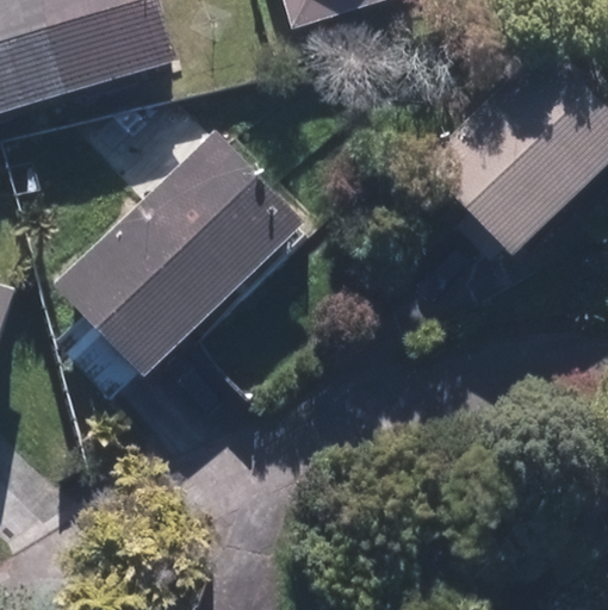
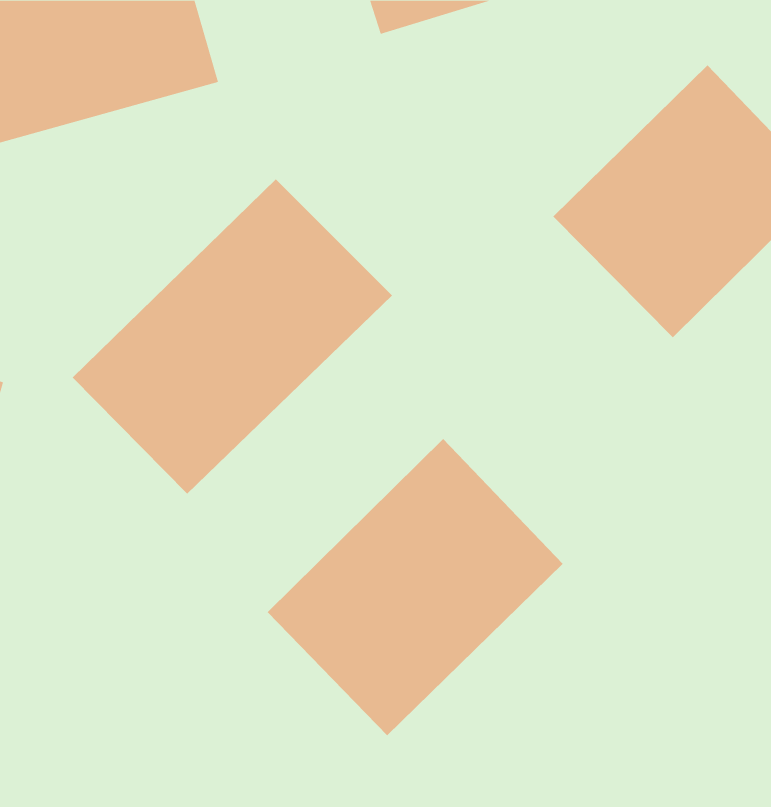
building: none -> [267,438,564,736]

